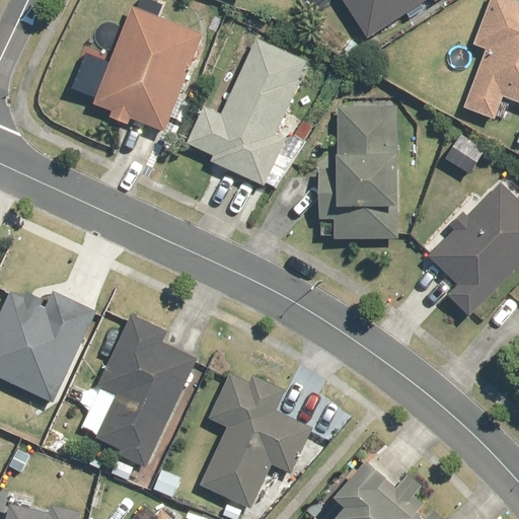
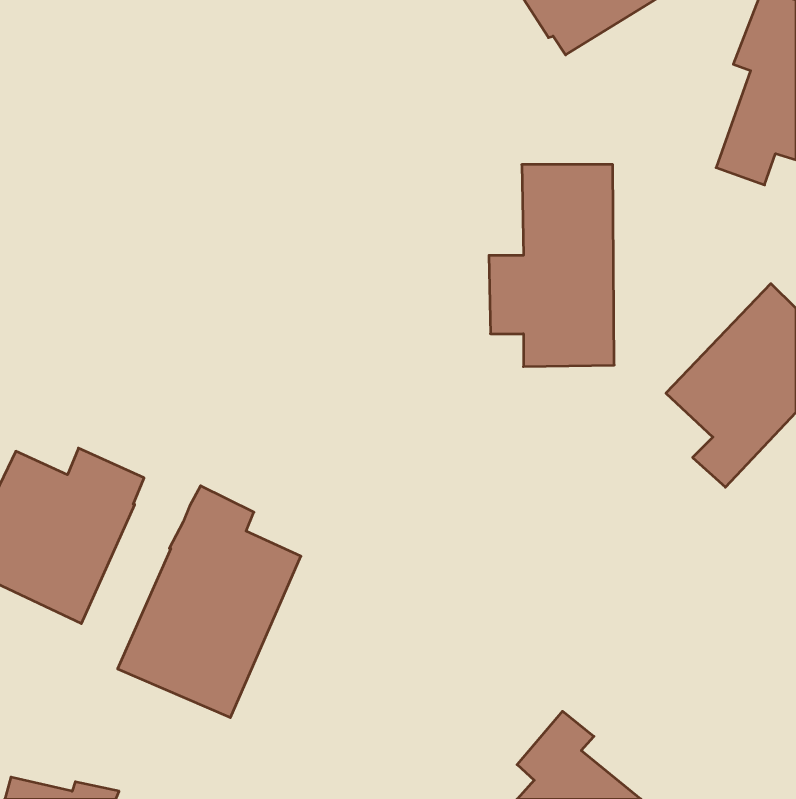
building: [95,7,201,129] -> none
building: [187,40,309,180] -> none
building: [199,374,311,506] -> none

